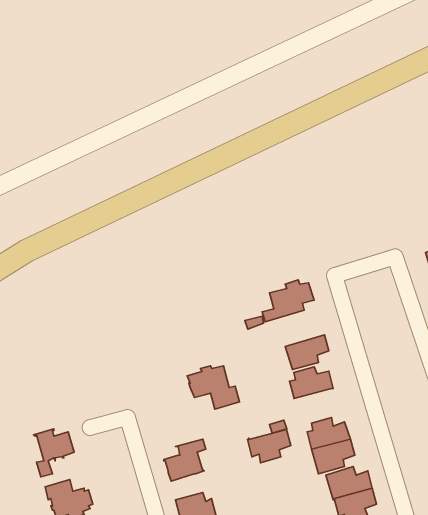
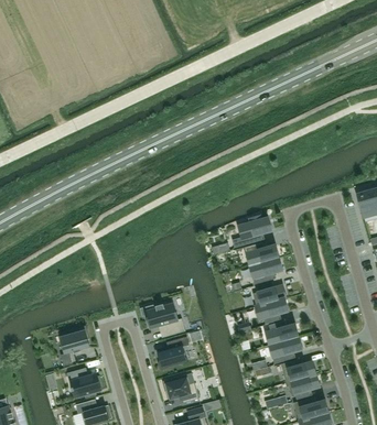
building: none -> [245,241,280,266]
building: [187,366,239,409] -> [146,304,185,337]
building: [247,429,291,463] -> [256,298,289,324]

